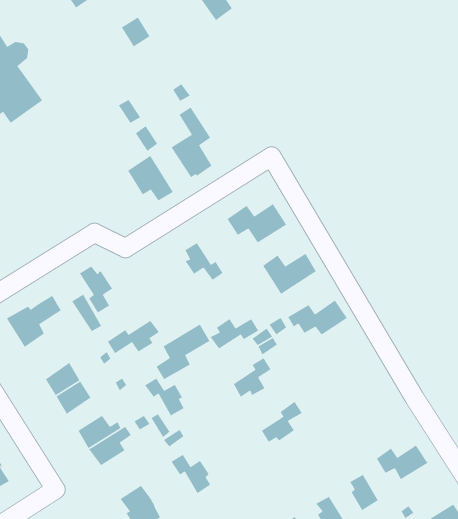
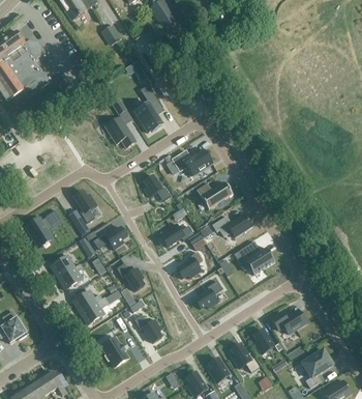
building: [156,323,211,380] -> none
building: none -> [238,241,274,274]

